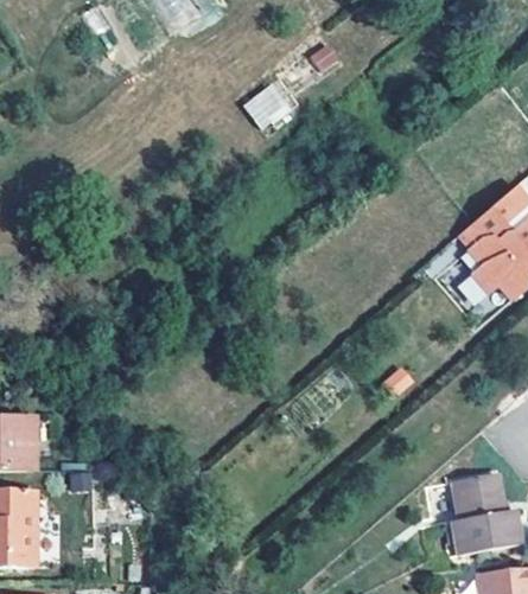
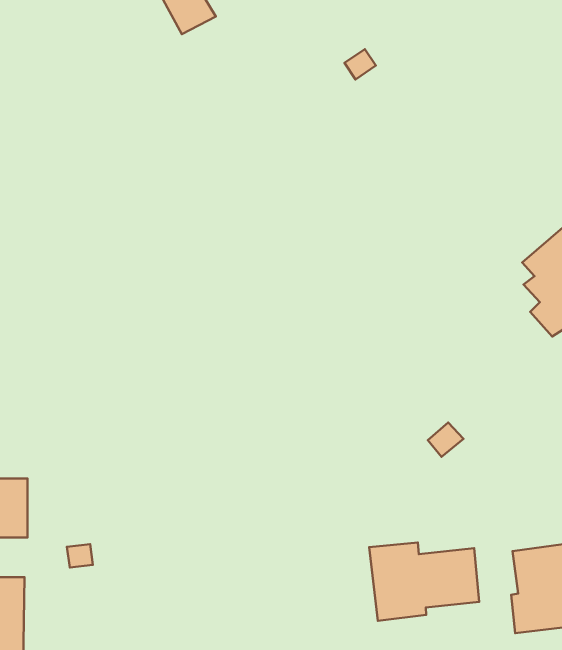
building: [242,75,300,132] -> none
building: none -> [369,543,479,621]

